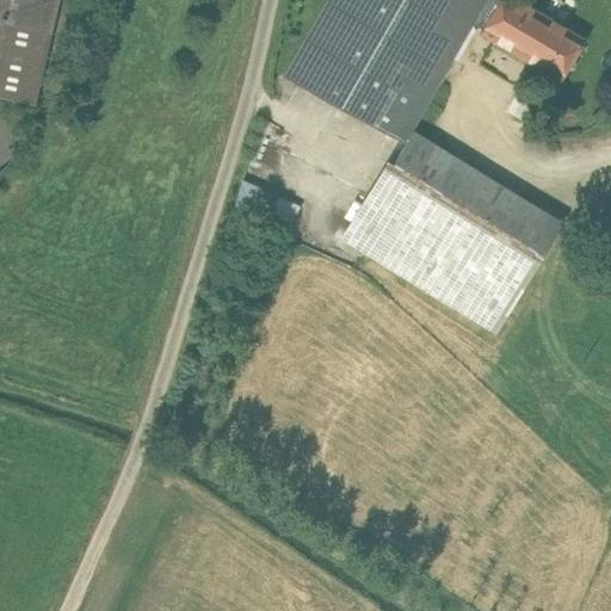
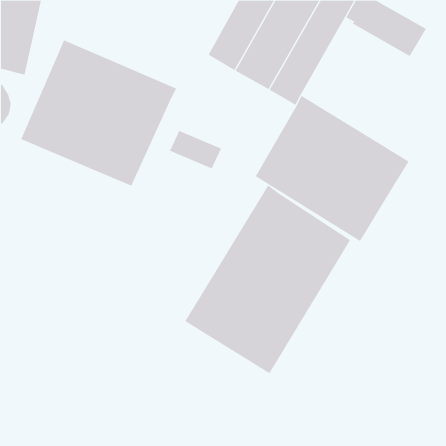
building: none -> [21,40,177,186]
building: none -> [184,185,351,374]

